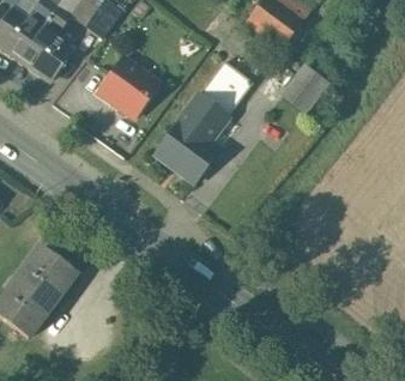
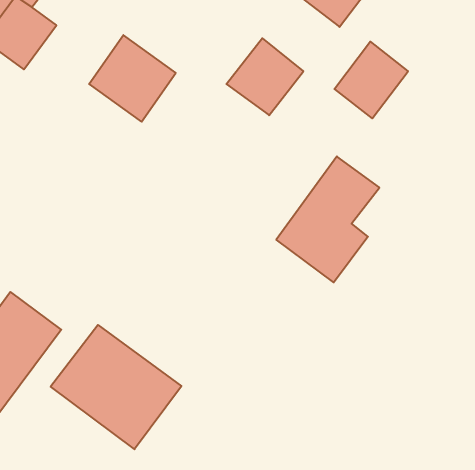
building: [153,92,229,185] -> [276,156,379,282]
building: none -> [51,325,181,449]

